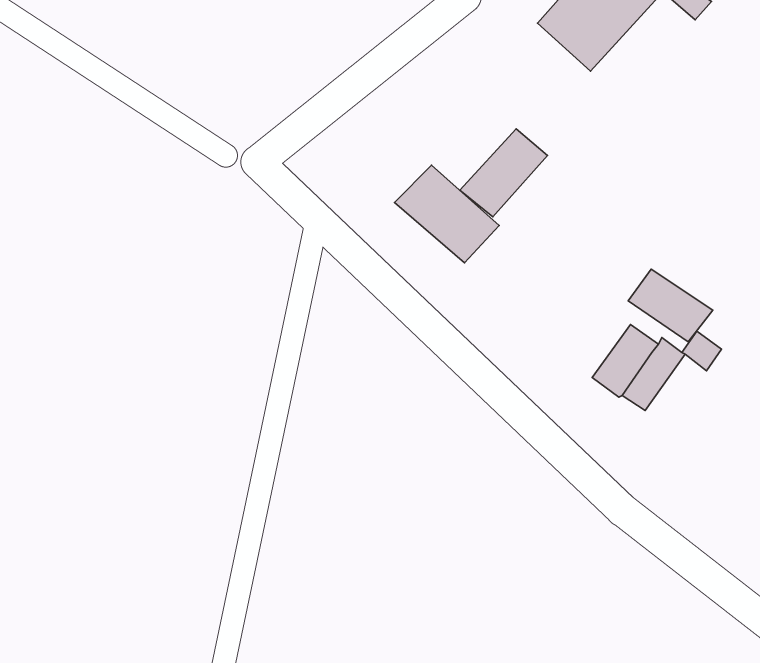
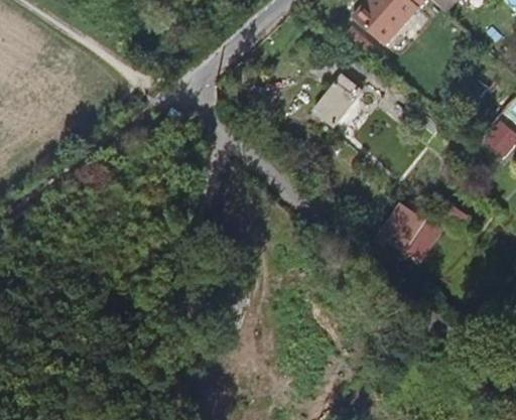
building: [395,165,499,263] -> none
building: [628,269,713,342] -> none

